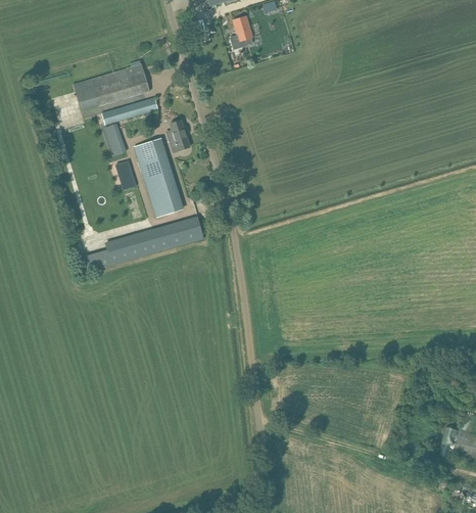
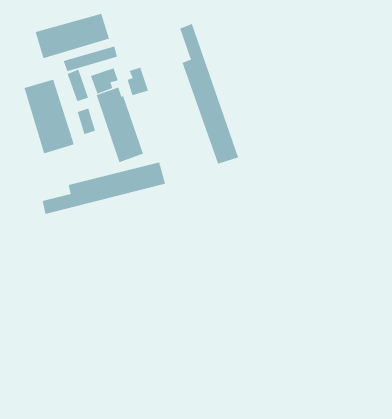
building: none -> [179,23,239,165]
building: none -> [90,67,118,94]
building: none -> [24,79,74,154]

